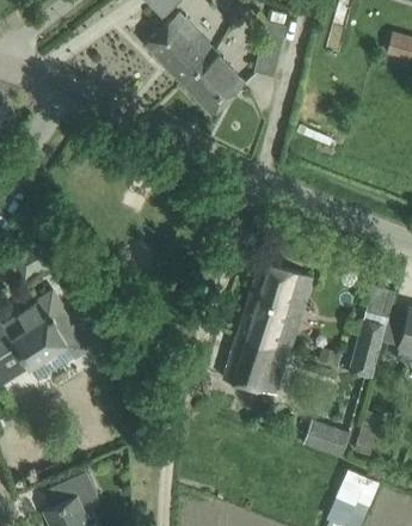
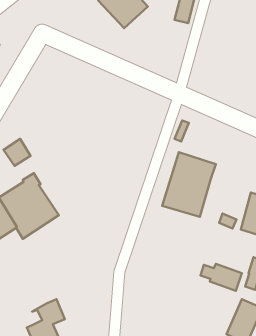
building: [182,53,245,116] -> none
building: [223,337,289,396] -> none

